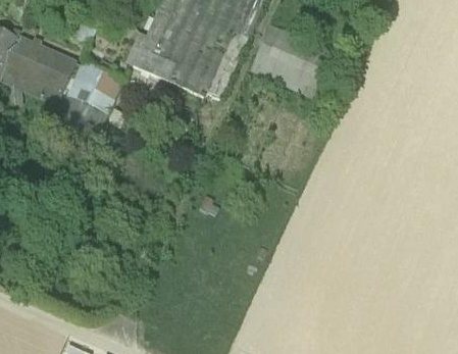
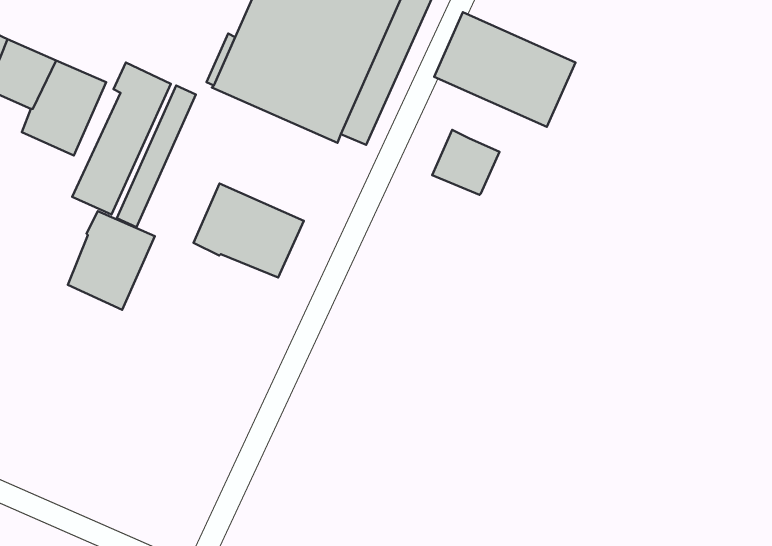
building: none -> [432,130,500,195]
building: none -> [194,183,304,277]
building: none -> [68,211,155,310]

